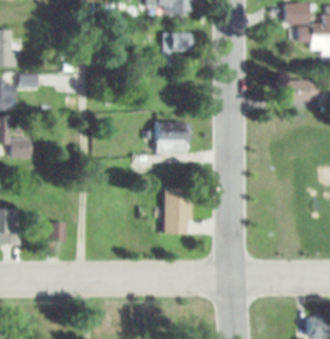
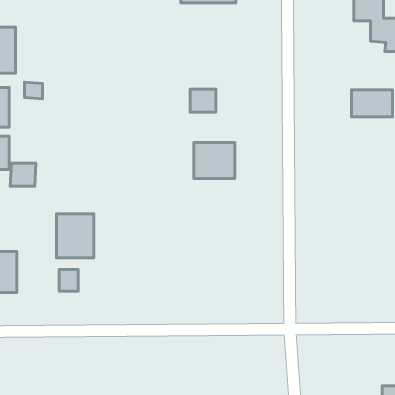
building: [170,33,191,51] -> [190,89,216,112]
building: none -> [57,214,94,258]
building: [165,187,189,235] -> none

